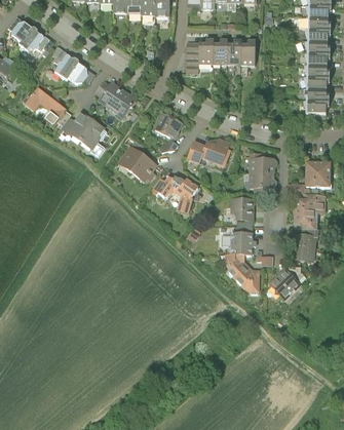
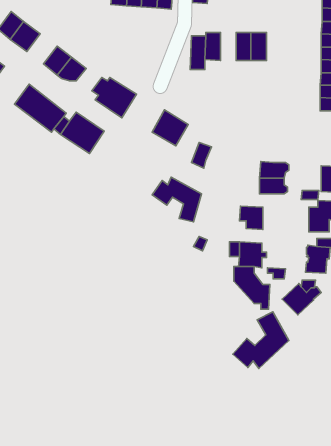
building: [214,39,228,65] -> none
building: [200,135,232,165] -> none
building: [119,145,160,183] -> none
building: none -> [233,312,289,368]

